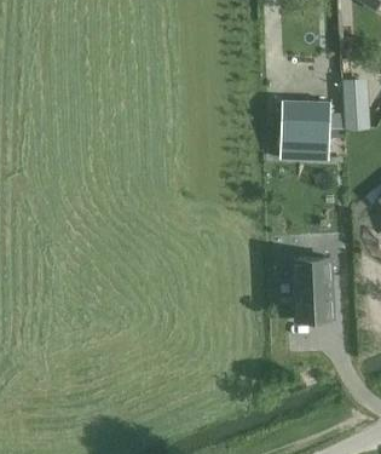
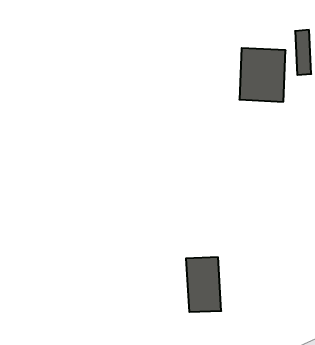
building: [293,259,333,321] -> [186,257,221,312]

